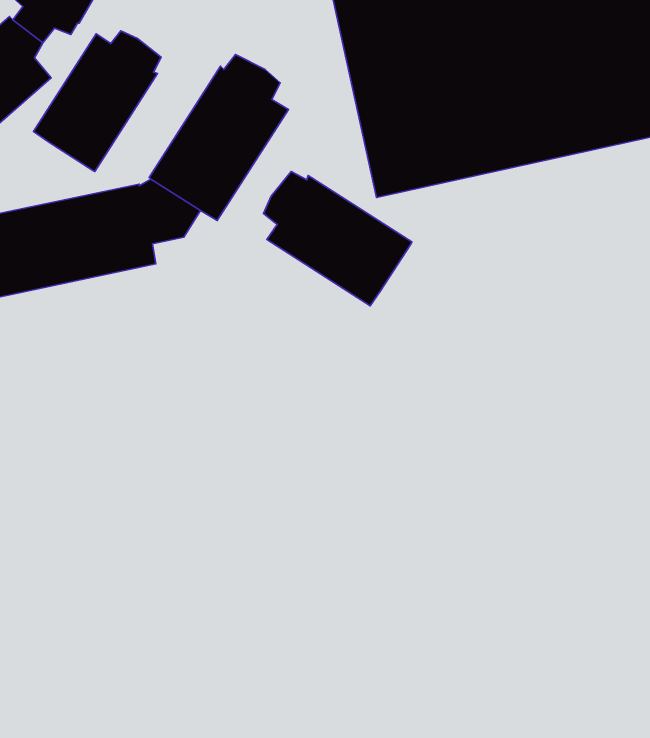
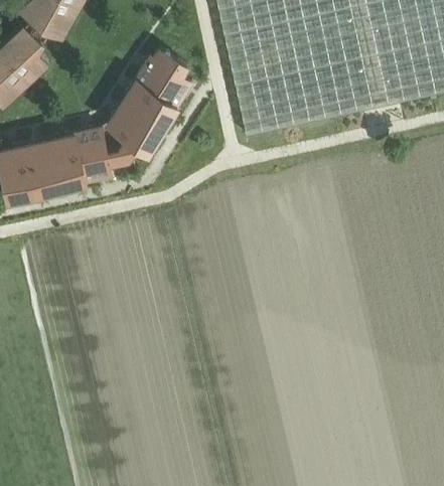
building: [33,31,161,171] -> none
building: [264,172,412,306] -> none

